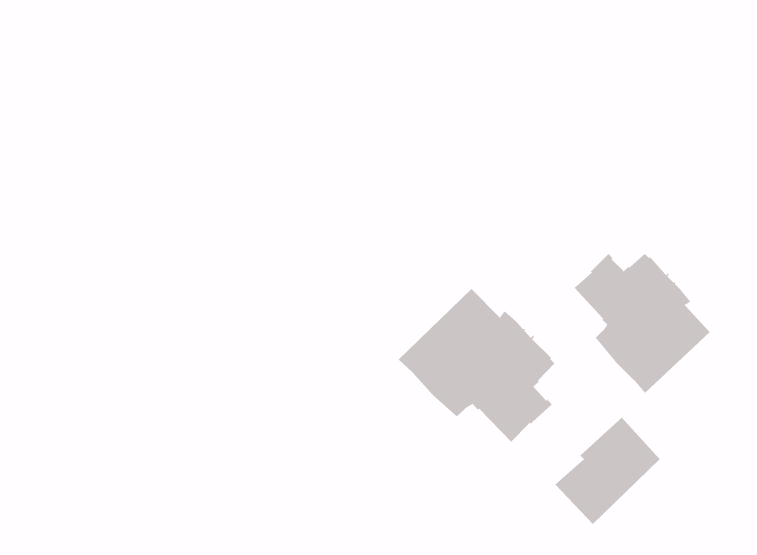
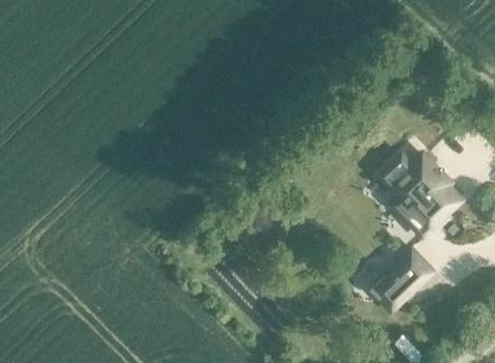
building: [398,288,555,442] -> none

